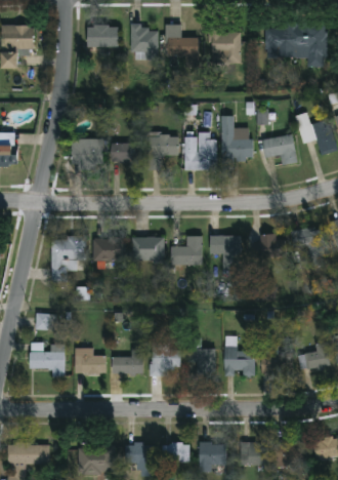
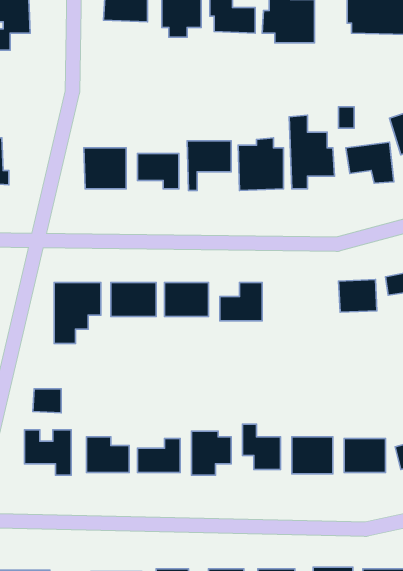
building: [210,235,240,266] -> none

